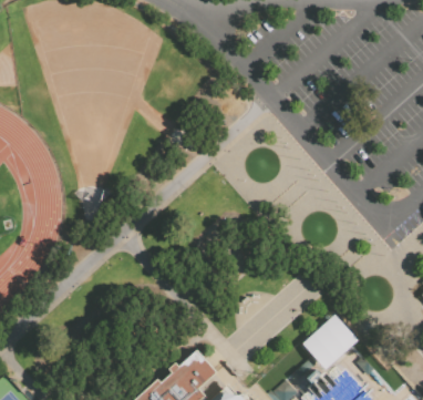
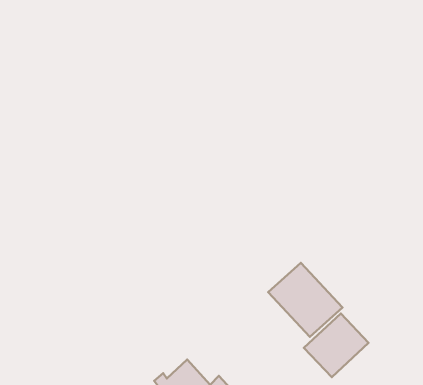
building: none -> [268,263,342,337]

